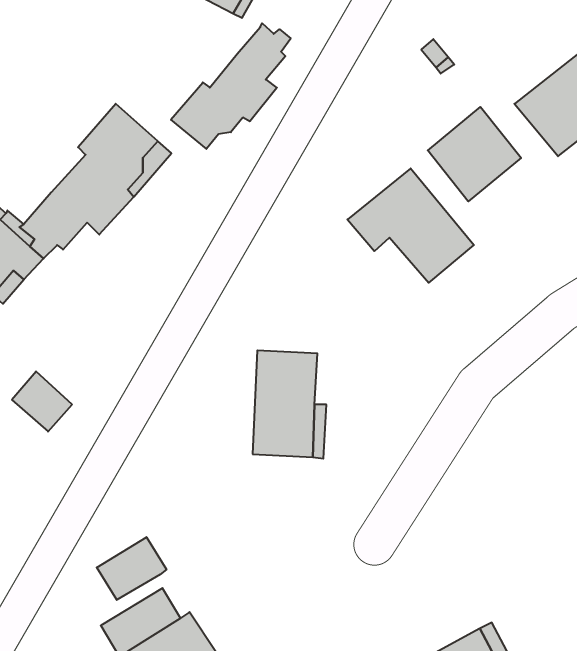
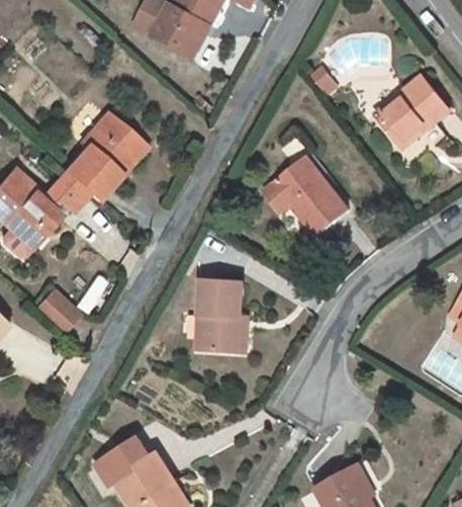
building: [171,23,291,149] -> none
building: [428,107,521,201] -> none
building: [97,537,166,600] -> none

